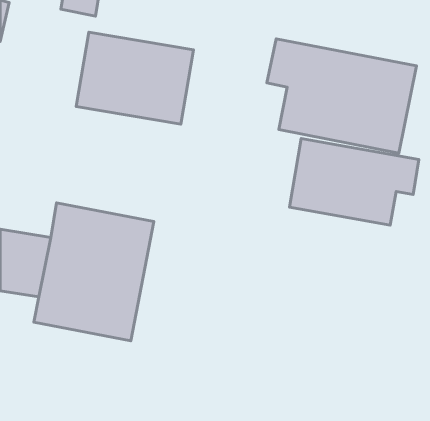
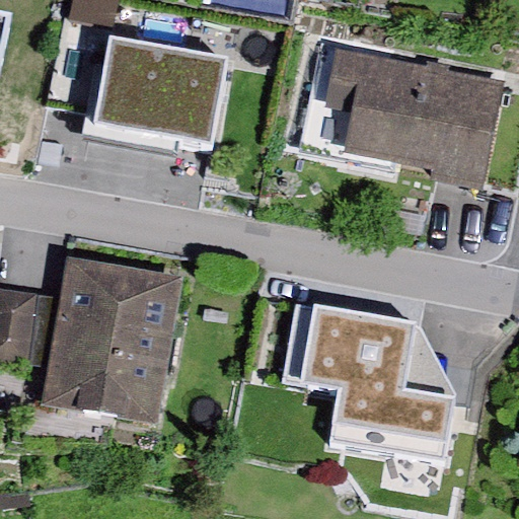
building: [290,138,419,225] -> none
building: none -> [278,304,453,469]

